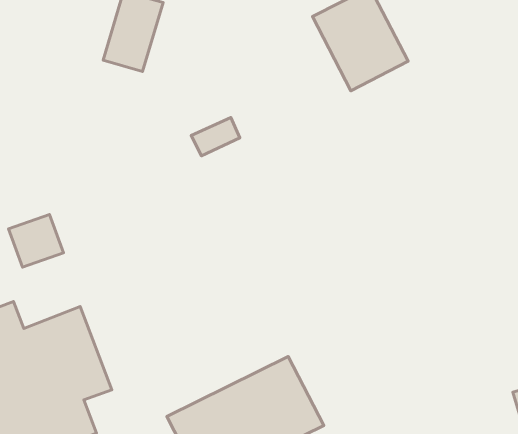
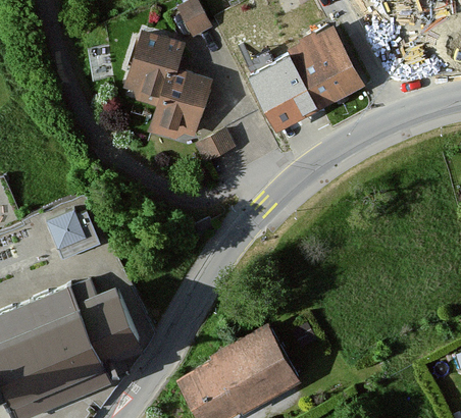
building: none -> [250,52,322,133]
building: none -> [145,63,215,145]

